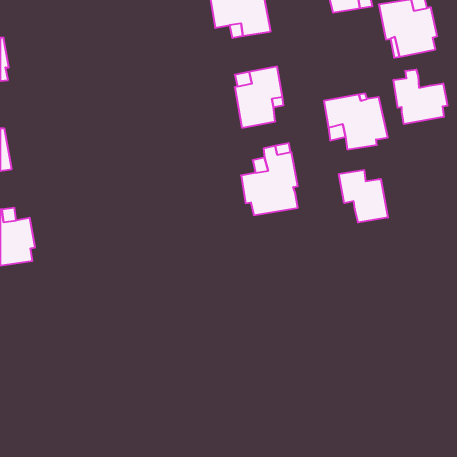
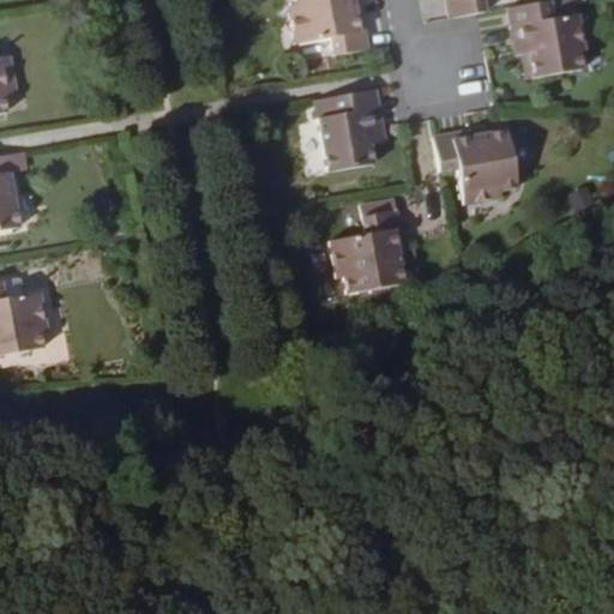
building: [393,69,447,124] -> none
building: [339,170,388,223] -> none

